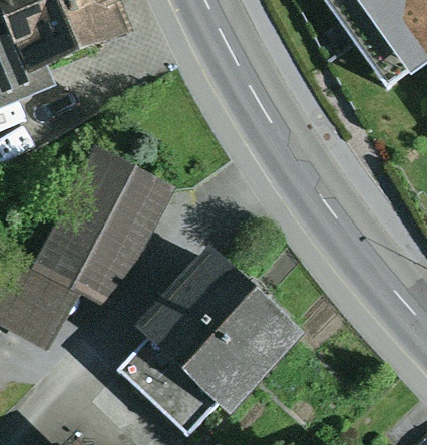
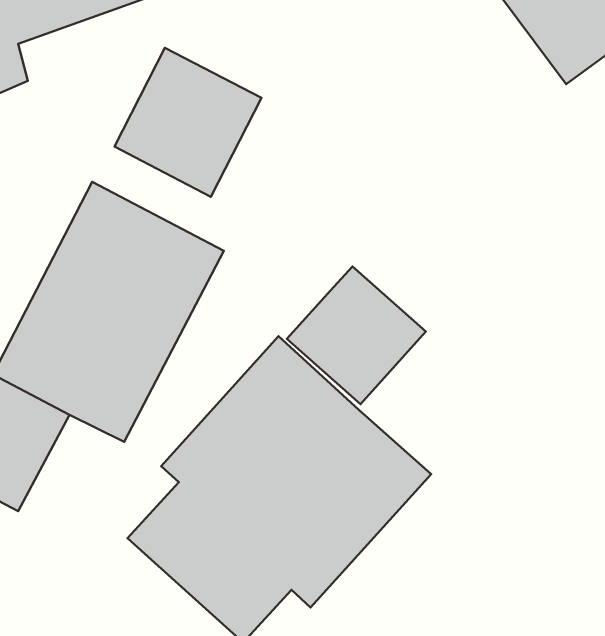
building: none -> [114,48,261,197]
building: none -> [287,266,426,404]

